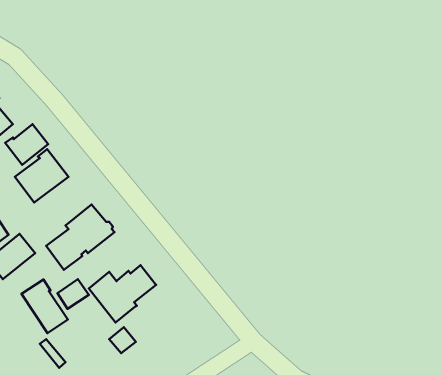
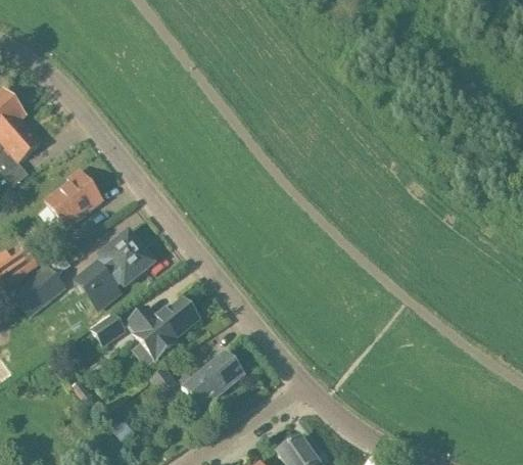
building: [5,124,48,165] -> none
building: [21,279,68,333] -> none
building: none -> [183,348,244,407]

